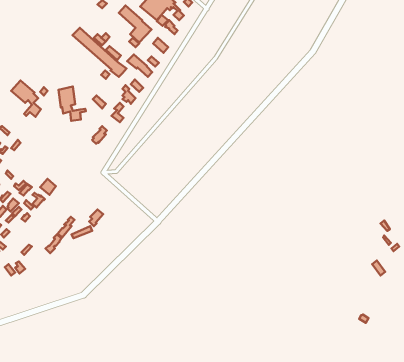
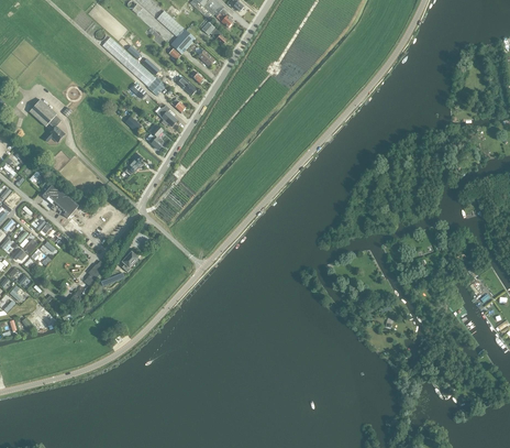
building: [59,87,86,121] -> none
building: none -> [41,182,78,217]

